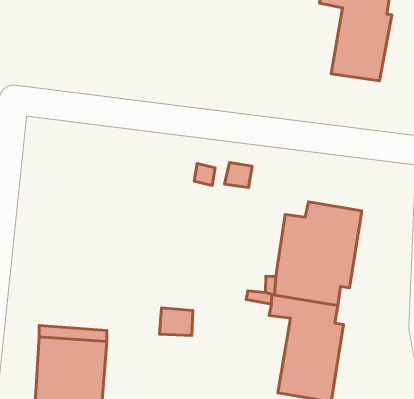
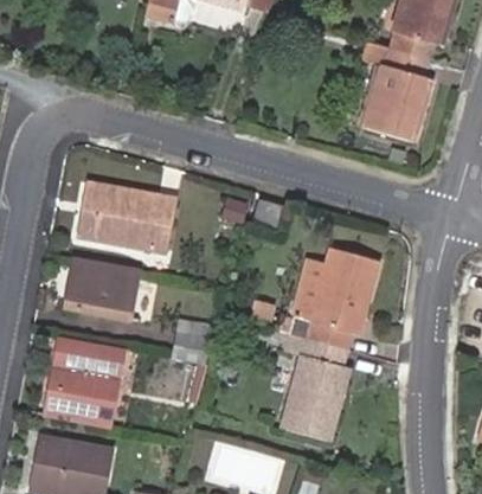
building: none -> [81,184,173,251]
building: none -> [66,256,139,319]

